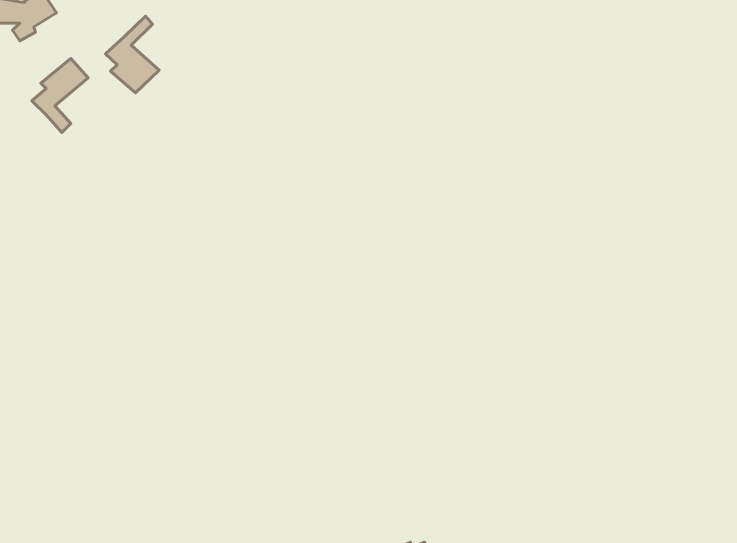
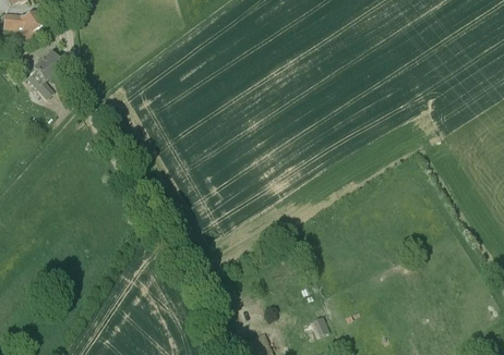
building: [106,16,159,93] -> none

